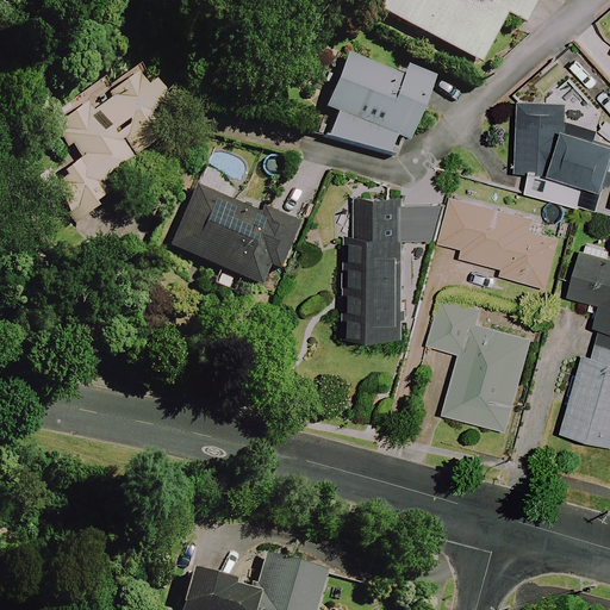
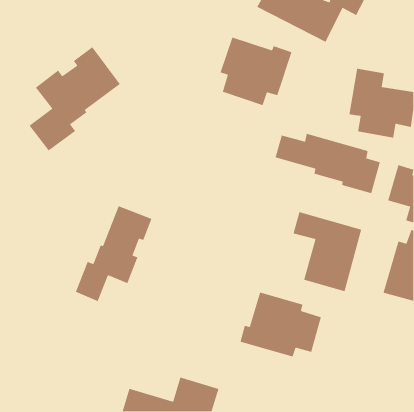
building: [168,186,295,286] -> none
building: [344,192,405,336] -> none
building: none -> [75,205,153,302]
building: none -> [239,292,322,357]

